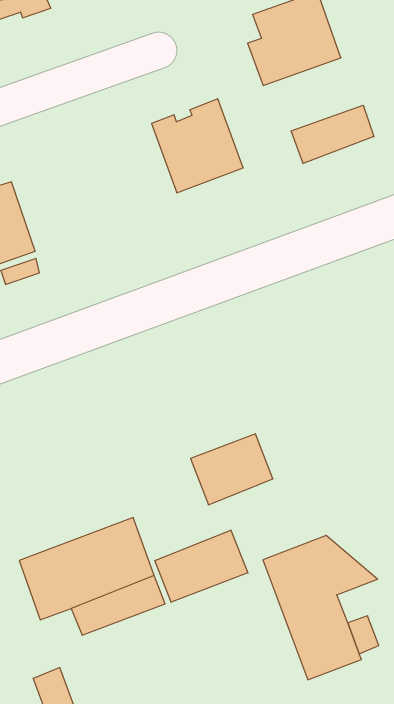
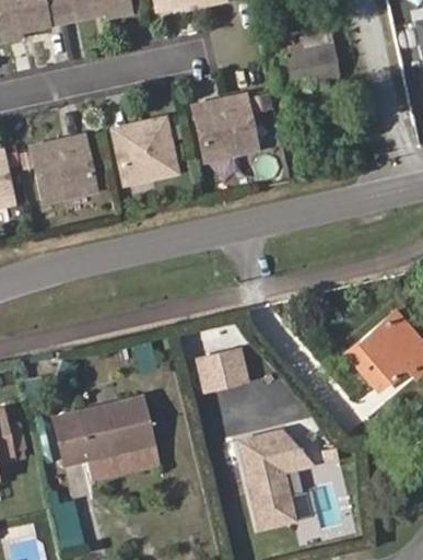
building: [291,105,374,164] -> none
building: none -> [114,118,177,183]
building: [155,530,248,602] -> none

